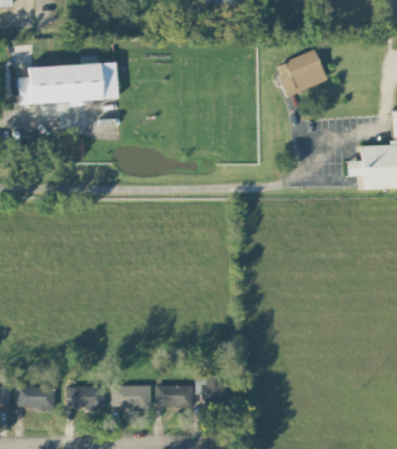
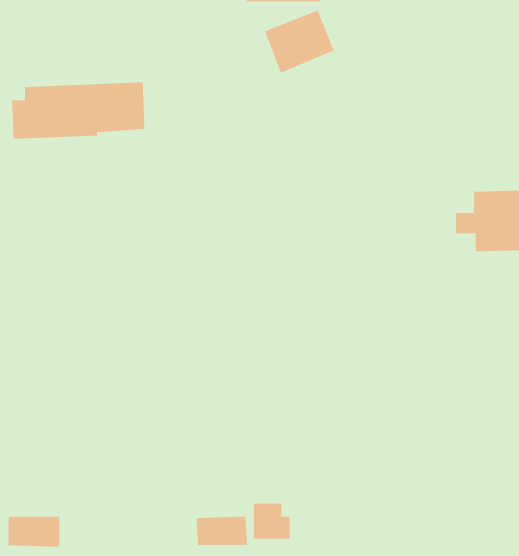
building: [275,50,327,97] -> [264,10,334,73]
building: [67,385,104,409] -> none
building: [113,386,150,407] -> none

